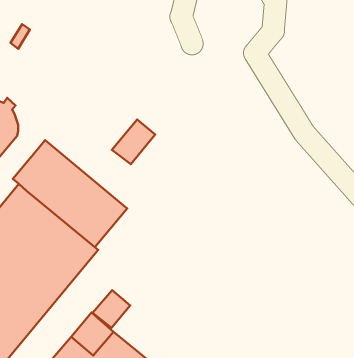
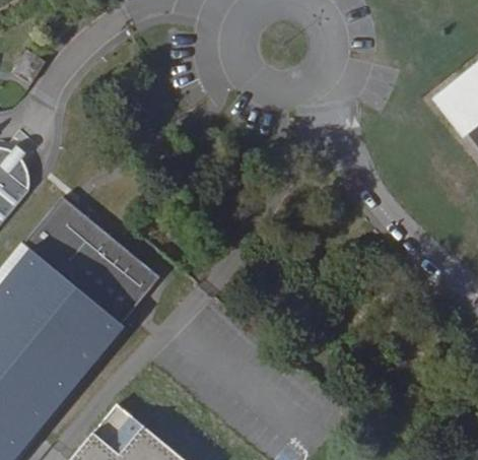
building: [112,120,155,164] -> none
building: [93,290,130,328] -> none

